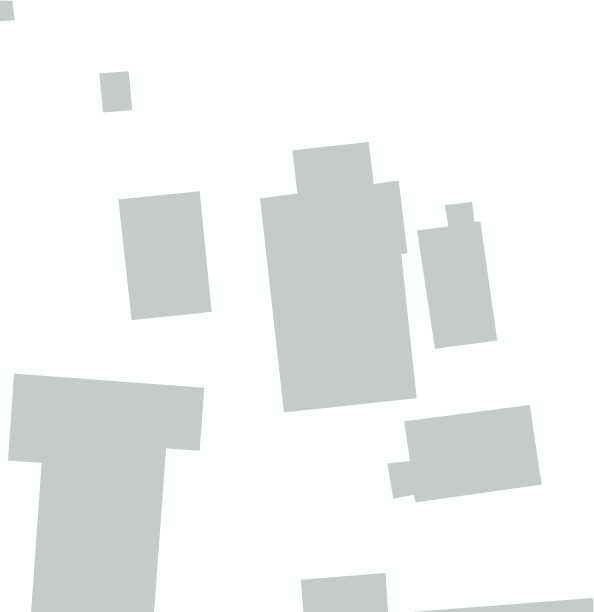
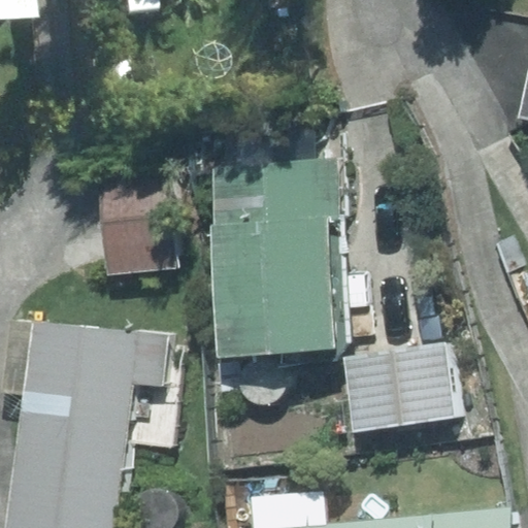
building: [416,201,498,349] -> none

